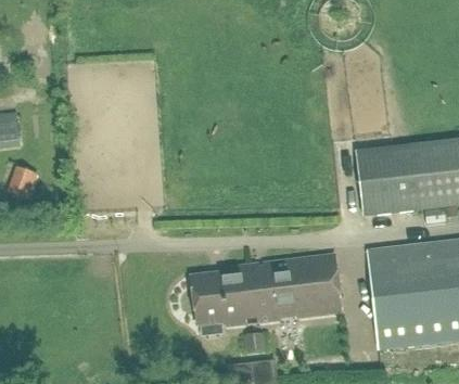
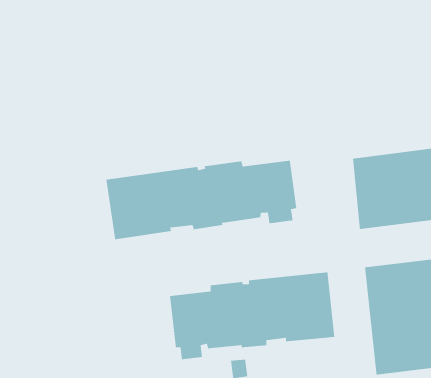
building: none -> [106,160,297,240]

